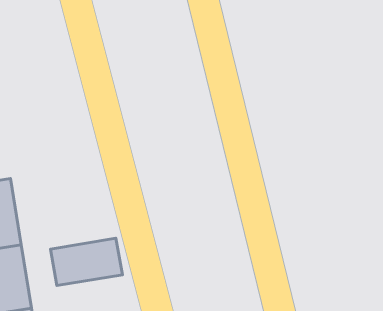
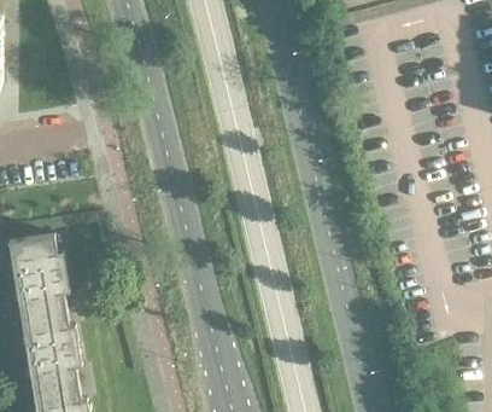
building: [50,238,122,286] -> none

